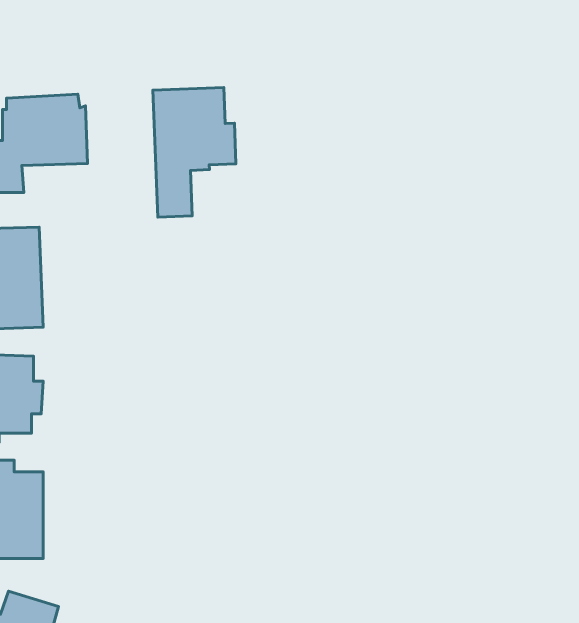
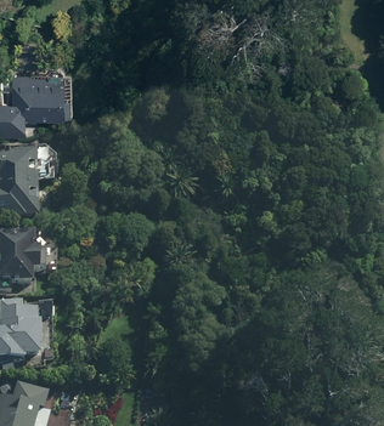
building: [153,88,236,217] -> none

